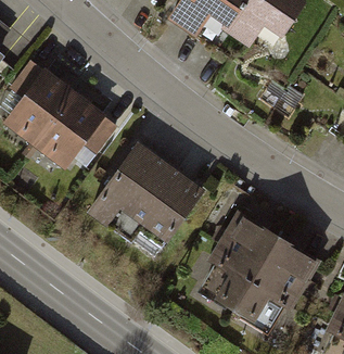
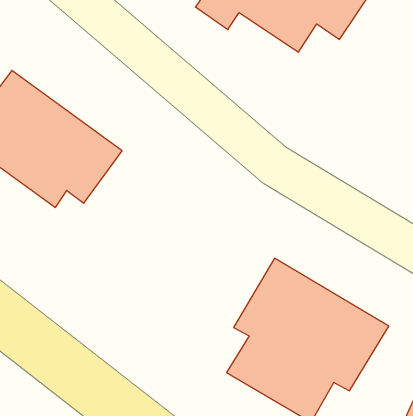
building: [91,142,207,258] -> none

